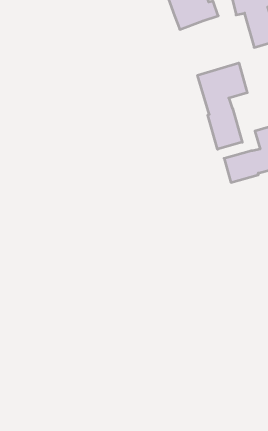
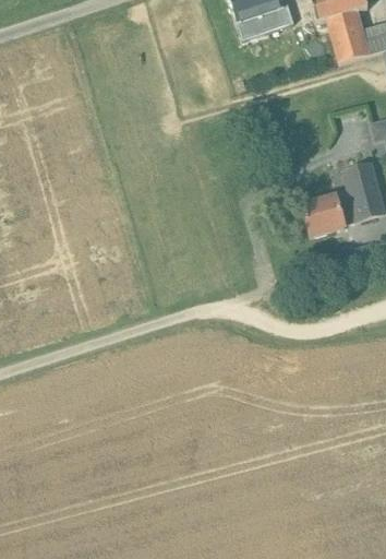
building: [198,63,247,149] -> none

